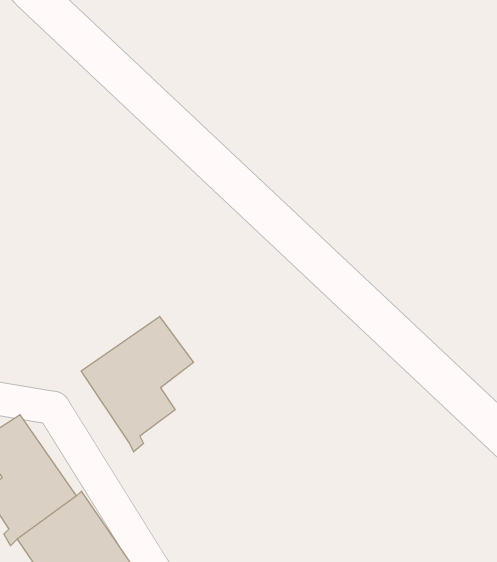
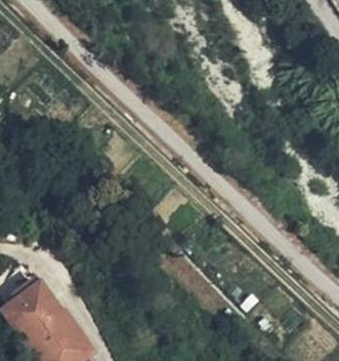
building: [81,316,194,452] -> none

